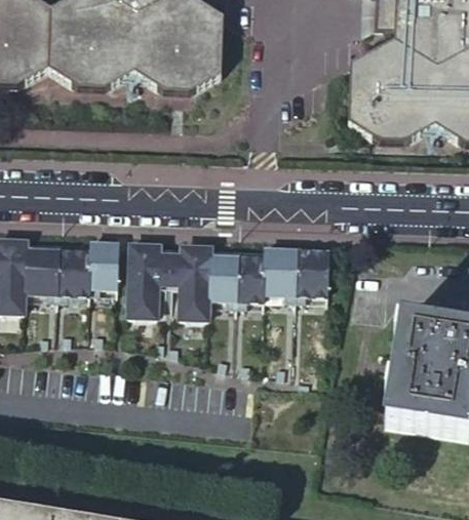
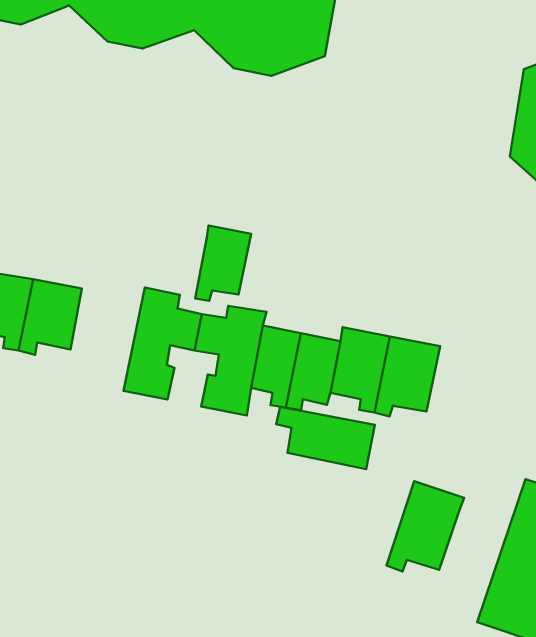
building: [87,242,117,291] -> [195,225,251,301]
building: none -> [276,407,375,469]
building: none -> [387,481,464,571]

